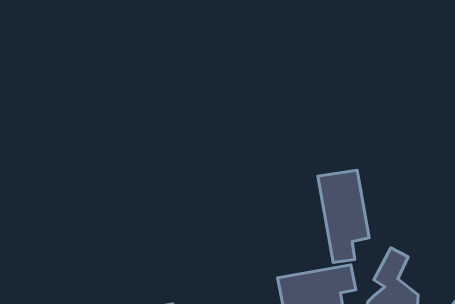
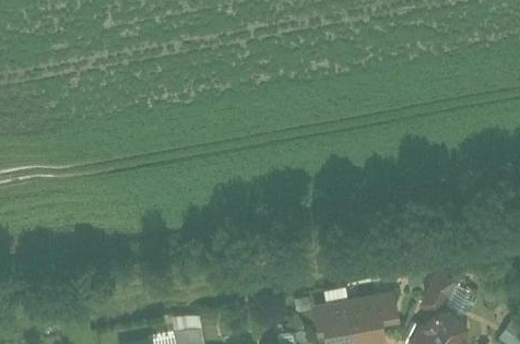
building: [318,170,369,263] -> none

